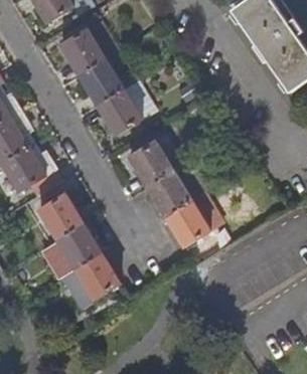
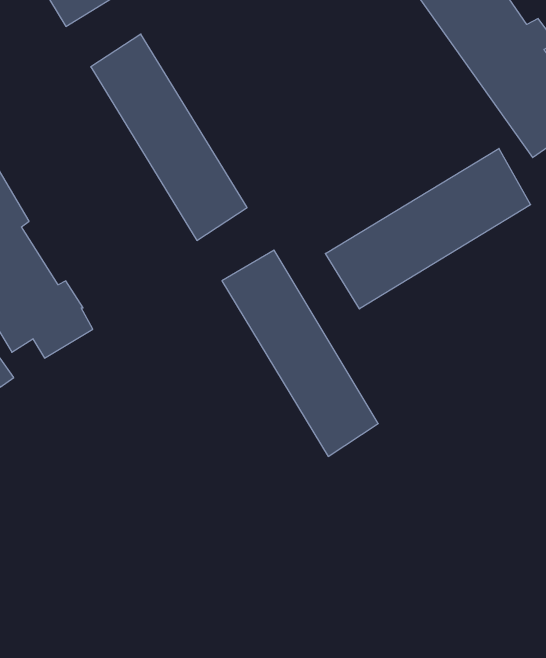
building: none -> [325,148,531,309]
building: [39,193,120,308] -> none

